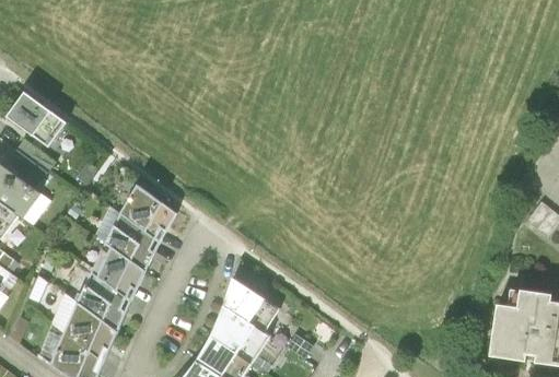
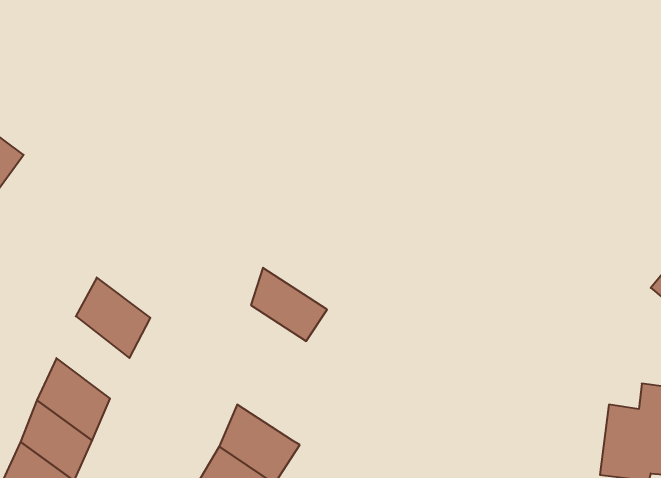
building: [120,184,176,241] -> none
building: [91,240,144,301] -> none
building: [223,278,279,331] -> [251,268,327,341]

